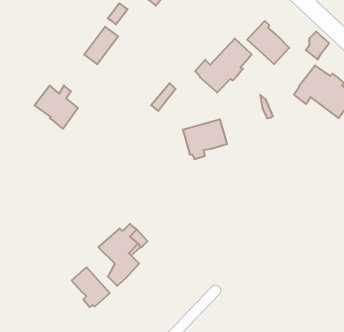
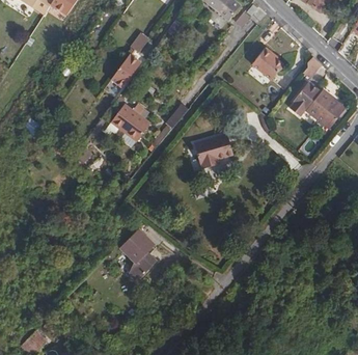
building: [195,38,252,93] -> none
building: [35,85,78,129] -> [107,99,145,137]
building: [72,267,110,307] -> none

